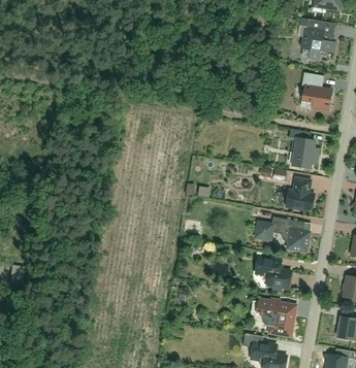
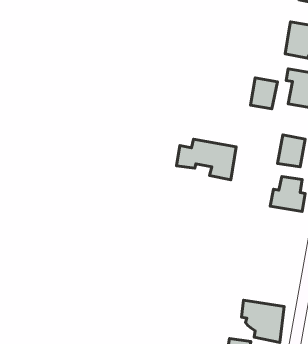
building: none -> [250,78,277,109]
building: [255,214,313,254] -> [177,139,236,180]
building: [253,255,293,291] -> none

